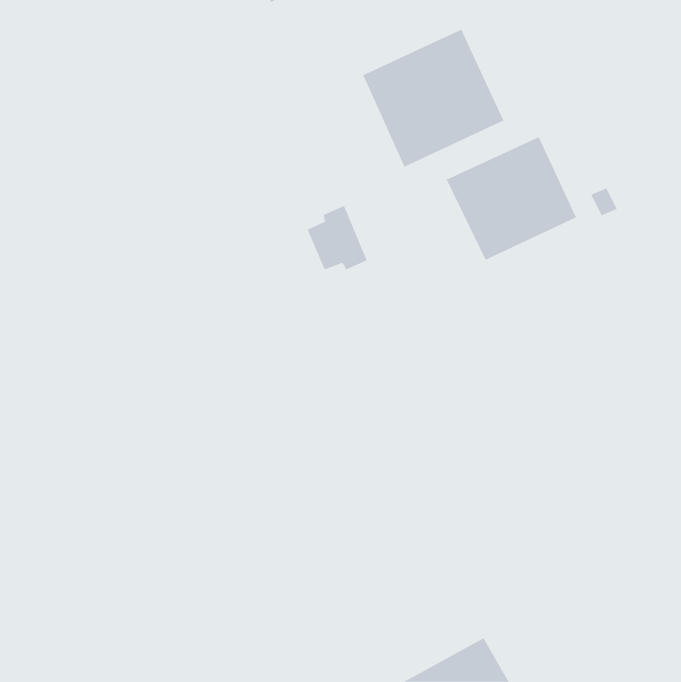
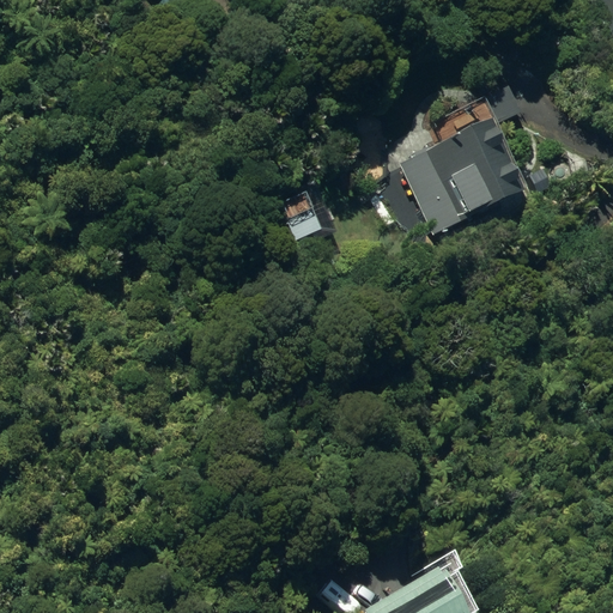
building: [362,29,504,168] -> none

